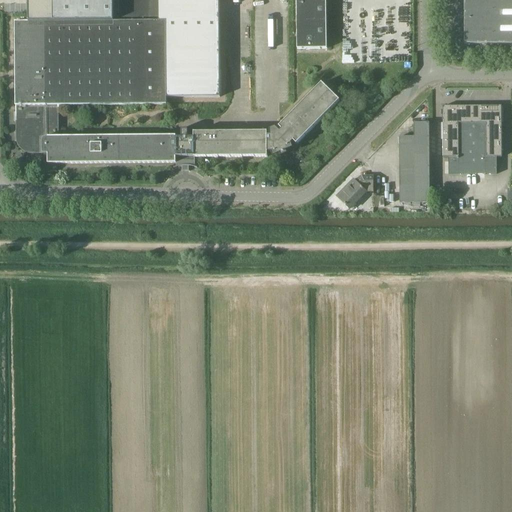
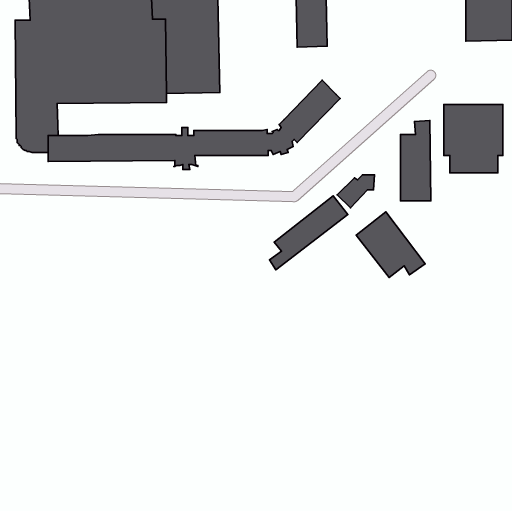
building: none -> [269,196,348,270]
building: none -> [356,212,425,278]

